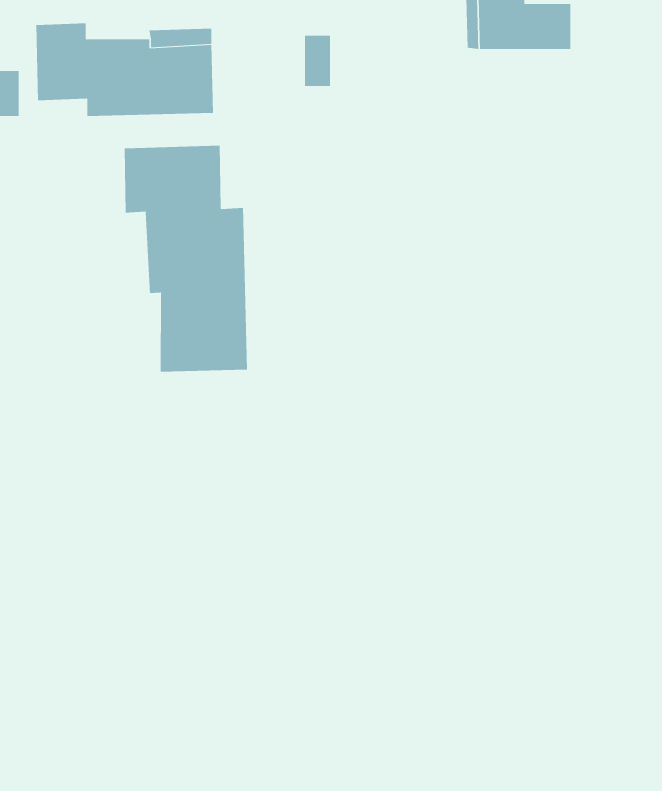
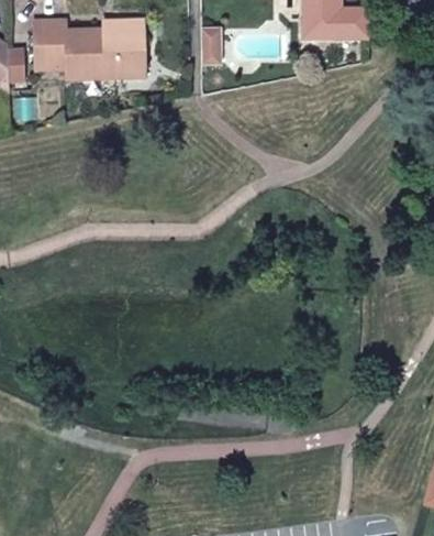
building: [124,145,247,372] -> none

